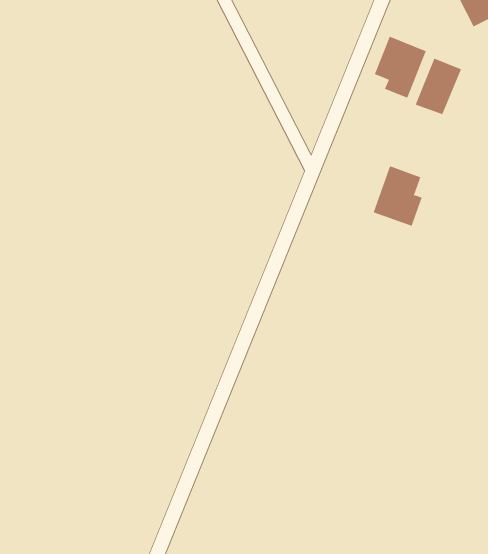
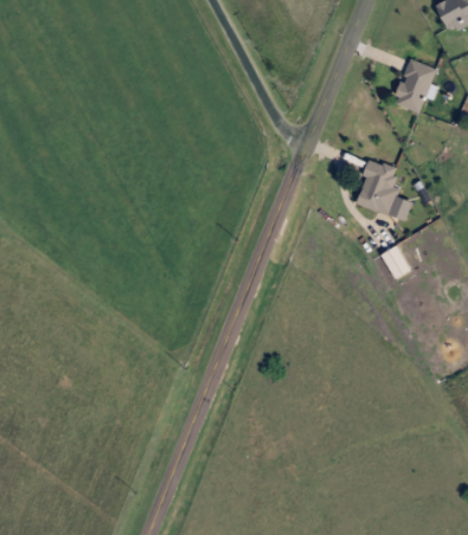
building: [374,36,427,99] -> none
building: none -> [379,245,410,278]

